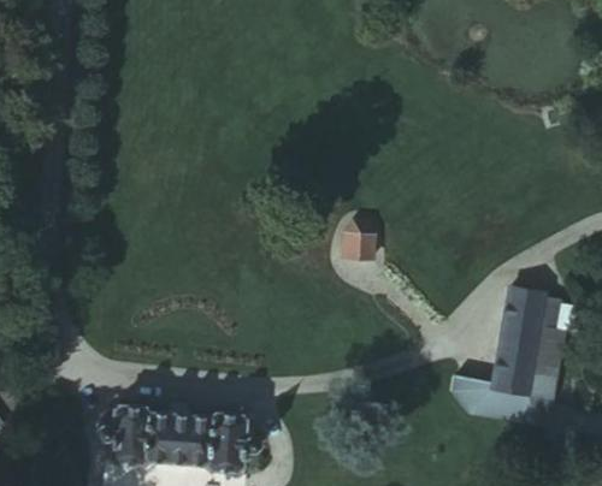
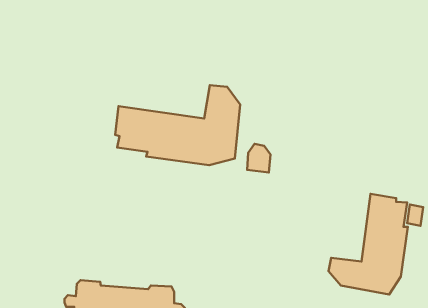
building: none -> [115,85,240,165]

